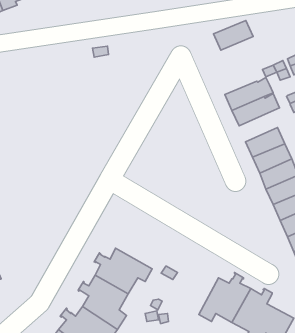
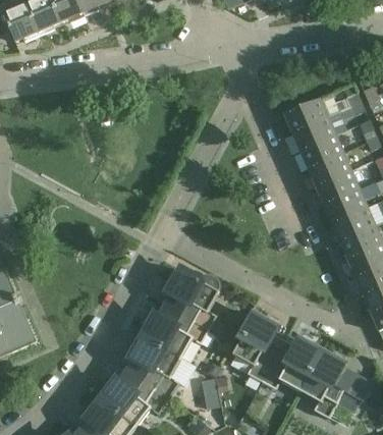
building: [214,21,253,50] -> [283,96,328,129]
building: none -> [308,149,351,183]
building: none -> [162,268,219,328]
building: none -> [232,314,284,380]

